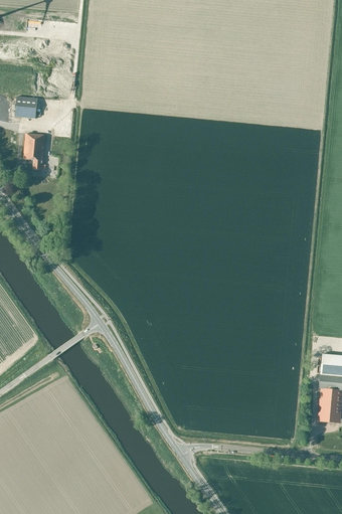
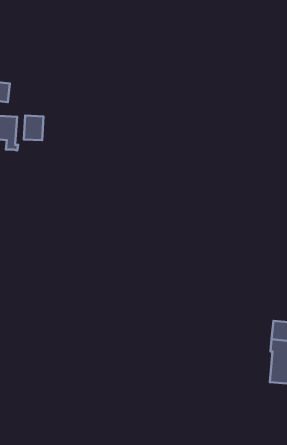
building: none -> [24,115,43,140]

